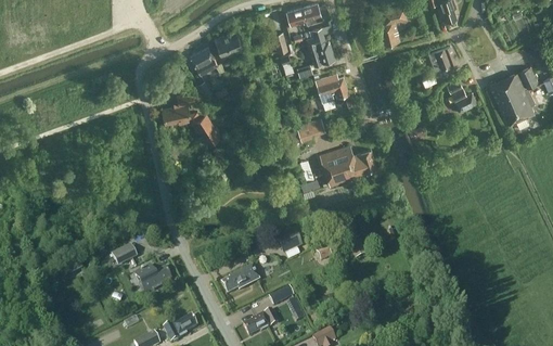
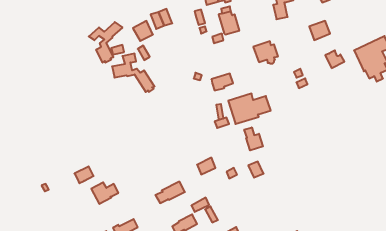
building: none -> [89,22,122,63]
building: [314,72,348,102] -> [253,41,278,64]
building: none -> [244,127,263,150]

